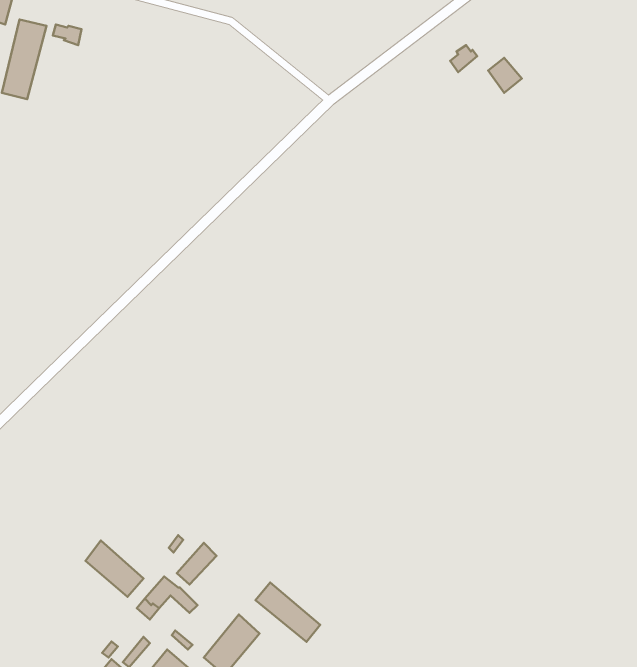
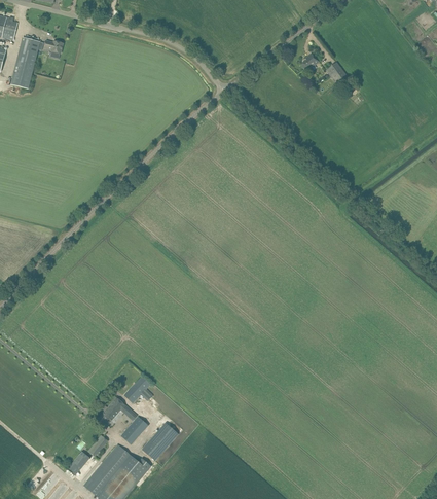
building: [85,541,144,597] -> none
building: [255,583,320,642] -> none

